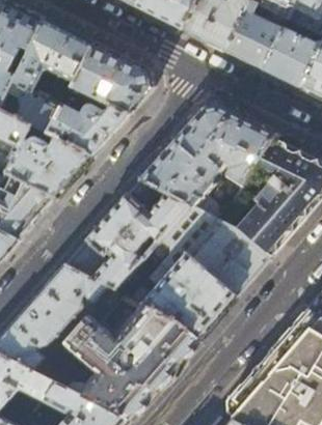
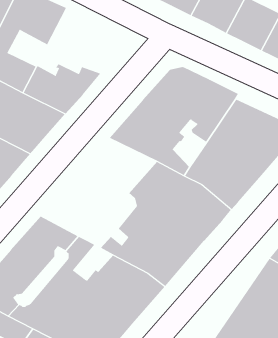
building: [71,40,154,110] -> none
building: [65,178,189,288] -> none

